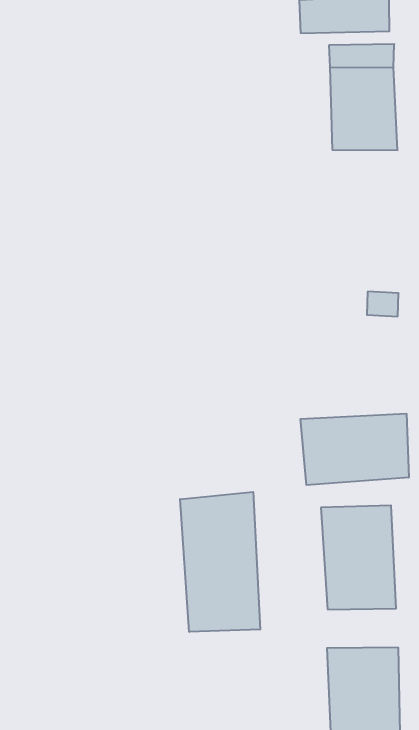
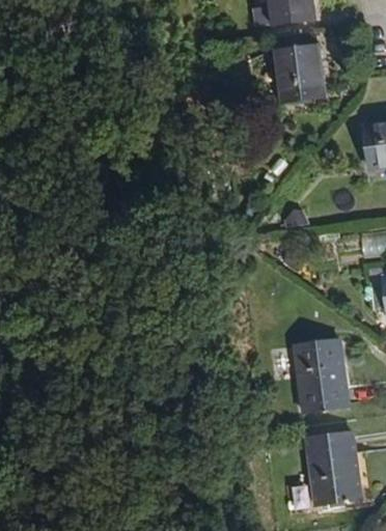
building: [301,414,409,485] -> none
building: [180,492,260,632] -> none

